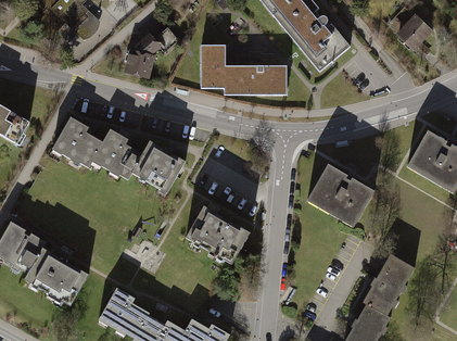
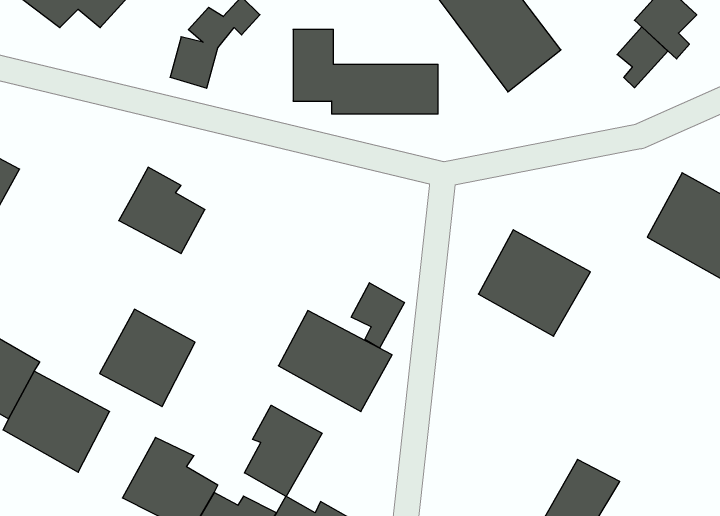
building: none -> [617,27,668,88]
building: [49,109,102,163] -> none
building: [129,136,186,193] -> [100,309,195,407]
building: none -> [351,283,404,348]
building: [359,248,414,308] -> none
building: none -> [244,405,322,496]

